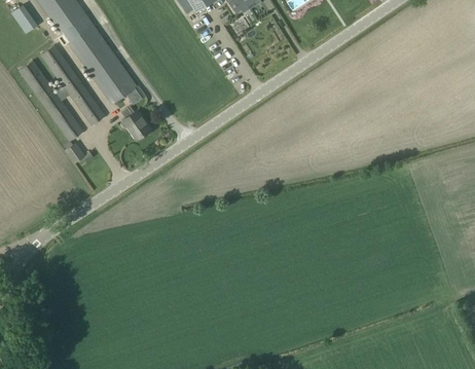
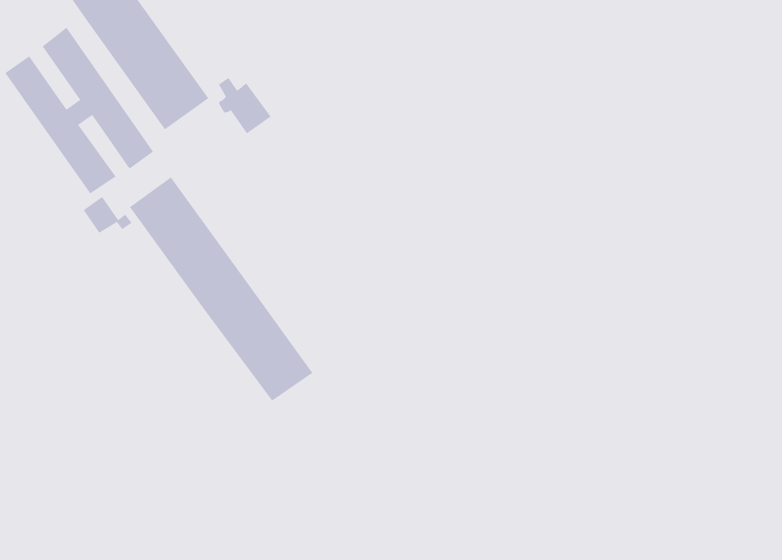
building: [121,107,152,140] -> [218,77,271,134]
building: none -> [129,177,313,402]

